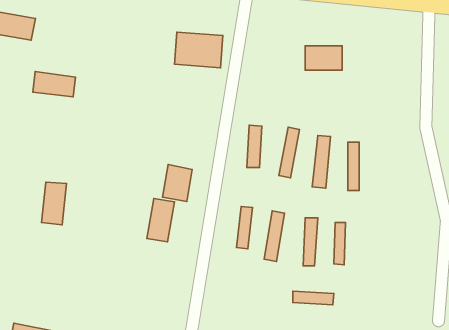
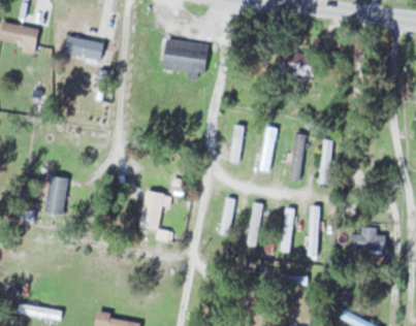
building: [33,72,75,97] -> [65,37,103,60]
building: [162,164,192,201] -> none
building: none -> [350,228,384,258]

